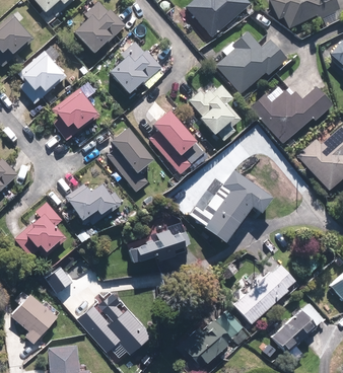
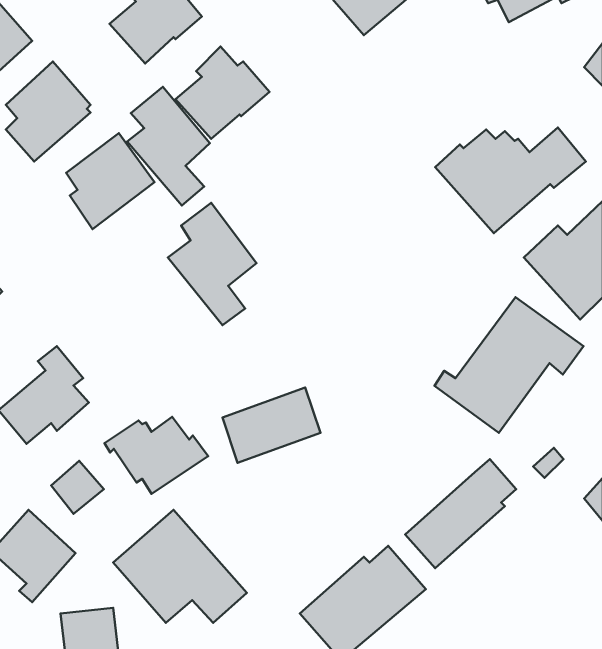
building: [217,33,286,93] -> none
building: [190,86,241,137] -> none
building: [151,109,196,173] -> [127,87,210,205]
building: [192,168,272,241] -> [435,297,583,433]
building: [66,182,122,224] -> [104,417,208,494]
building: [272,304,324,352] -> none

